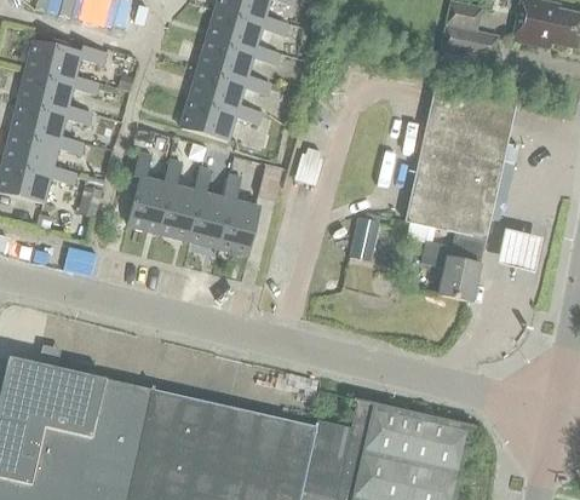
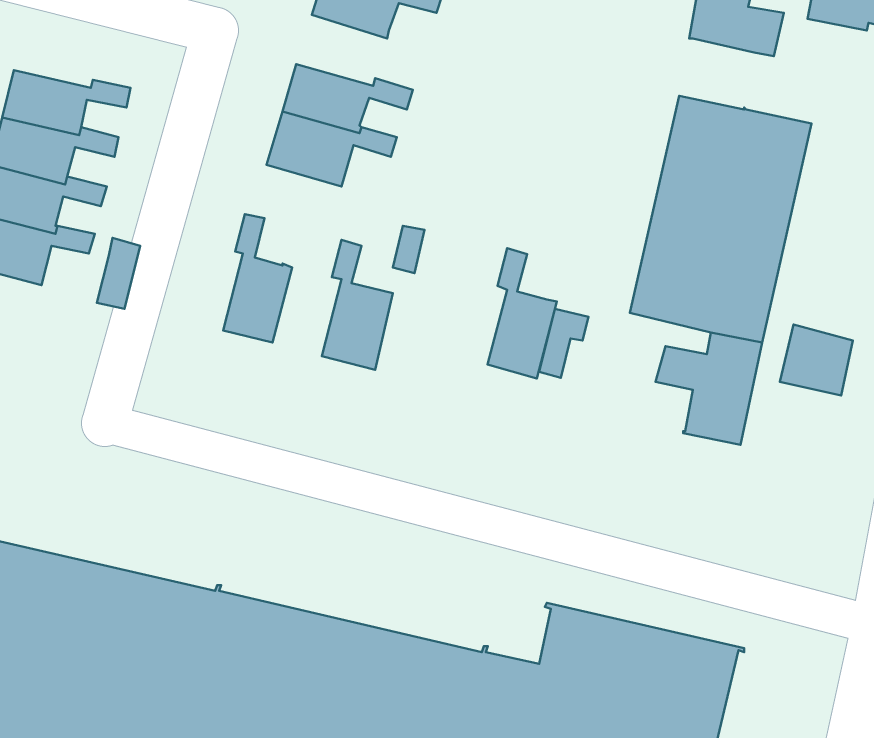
building: [199,36,278,80] -> none
building: [25,40,104,81] -> none
building: [126,150,166,230] -> none
building: [184,166,226,246] -> [488,248,557,378]

